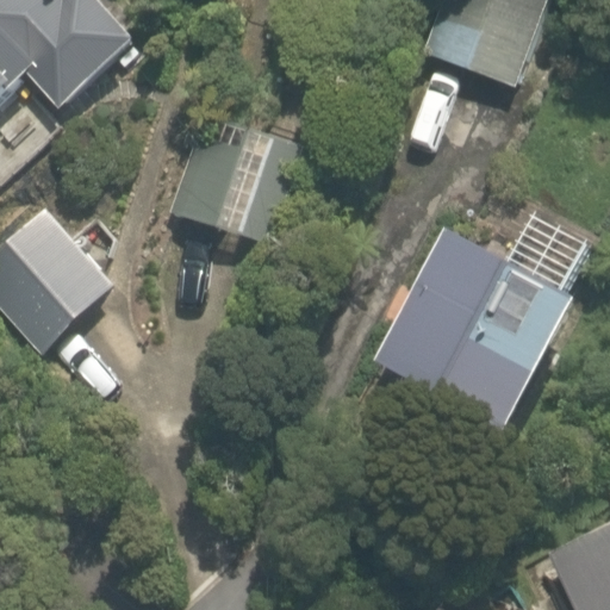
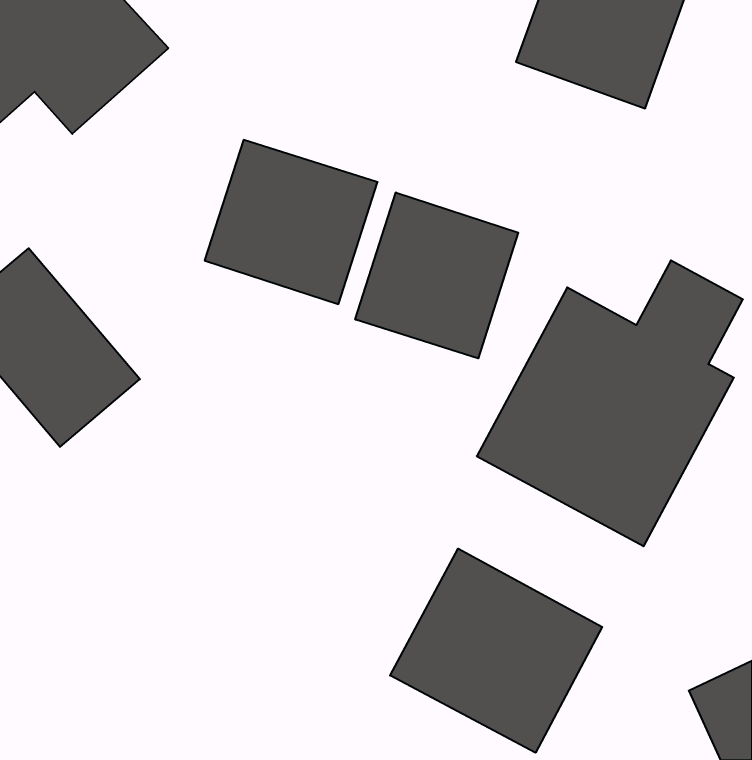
building: none -> [355,192,518,358]
building: none -> [390,549,602,753]

